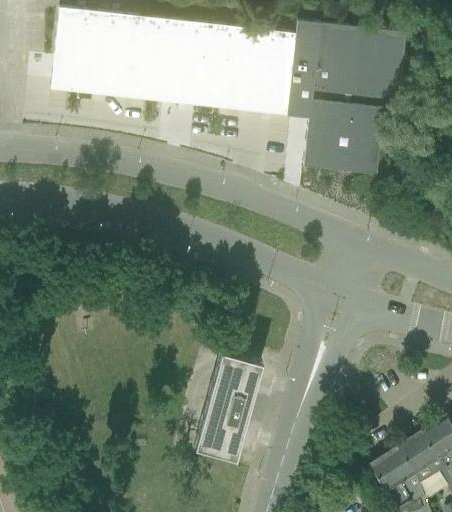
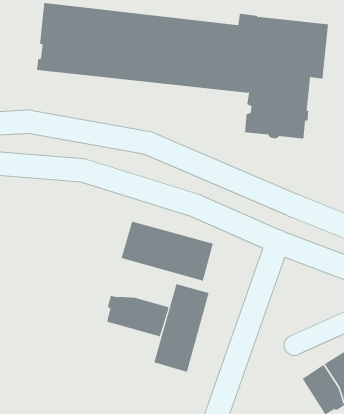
building: none -> [121,221,213,281]
building: none -> [107,295,169,337]

